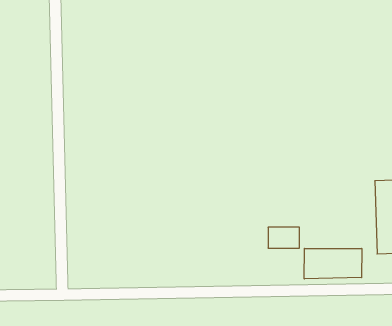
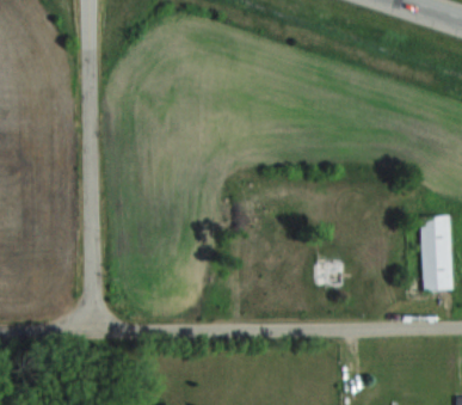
building: [304,248,362,279] -> none

